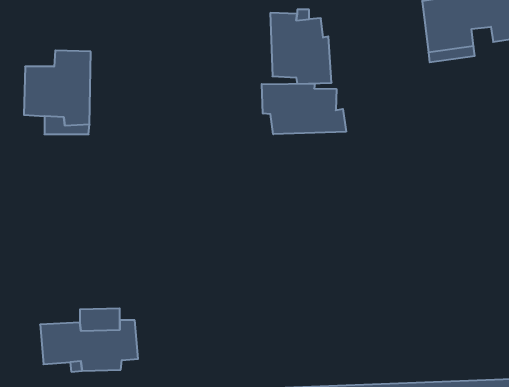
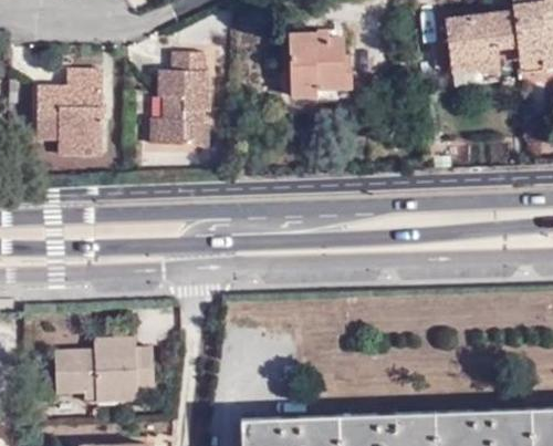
building: none -> [152,54,210,146]
building: [262,84,346,134] -> none

